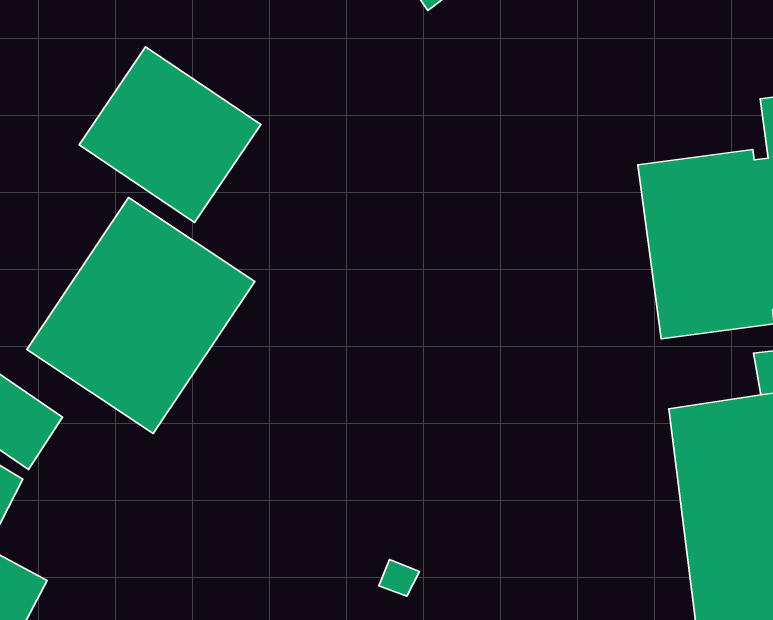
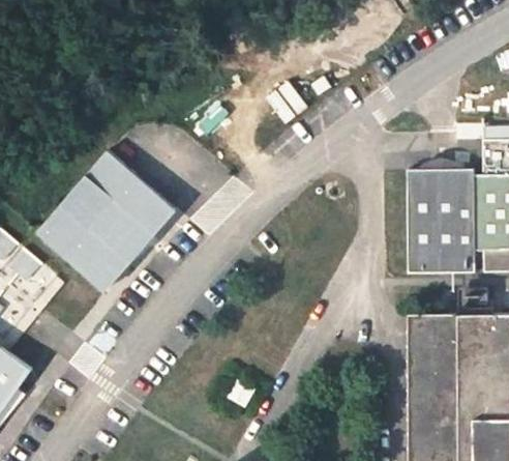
building: [79,47,261,222] -> none

